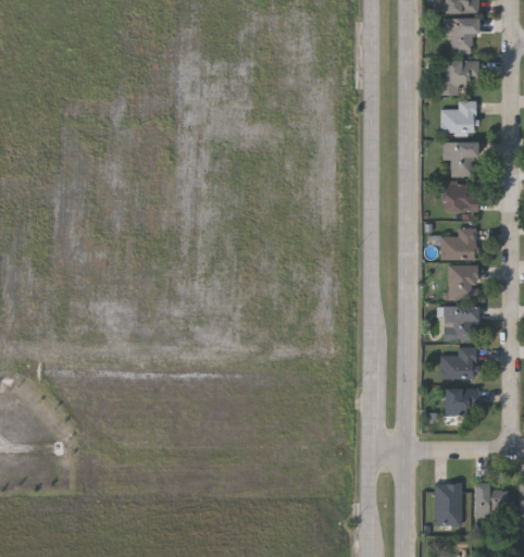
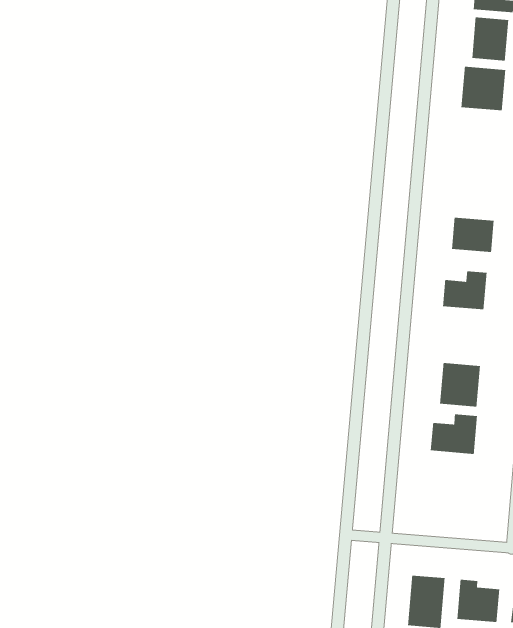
building: [440,101,475,133] -> none
building: [442,143,475,177] -> none
building: [448,267,477,299] -> none
building: [444,388,478,425] -> none

